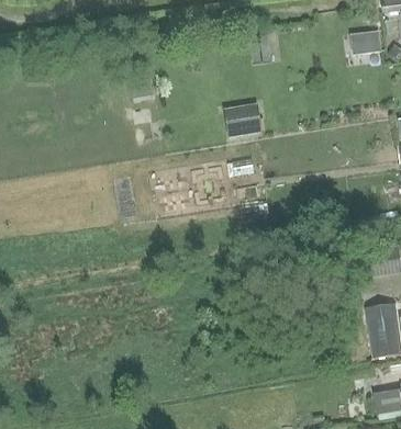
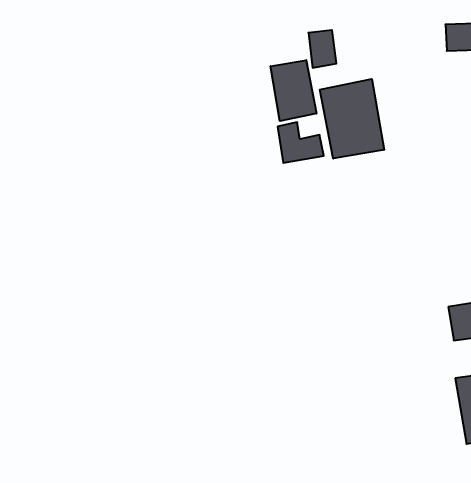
building: none -> [271,60,316,121]
building: none -> [320,79,384,159]

